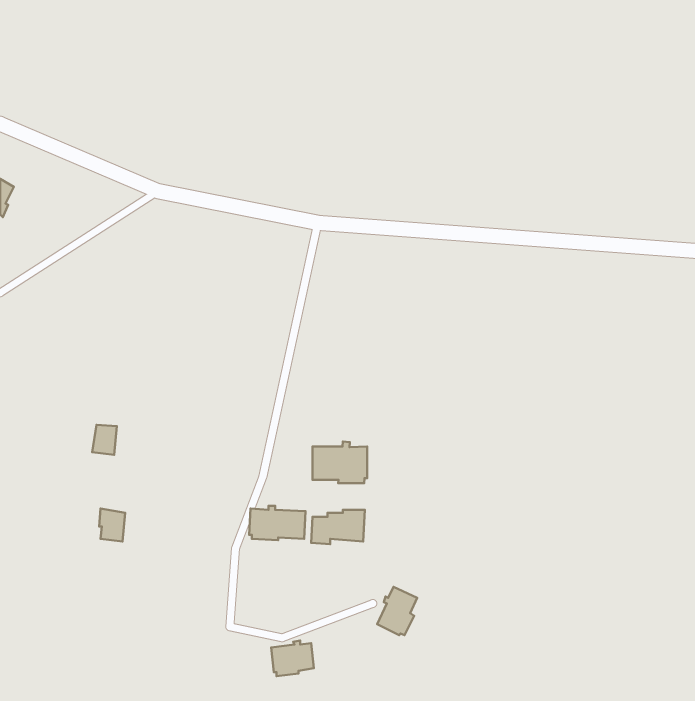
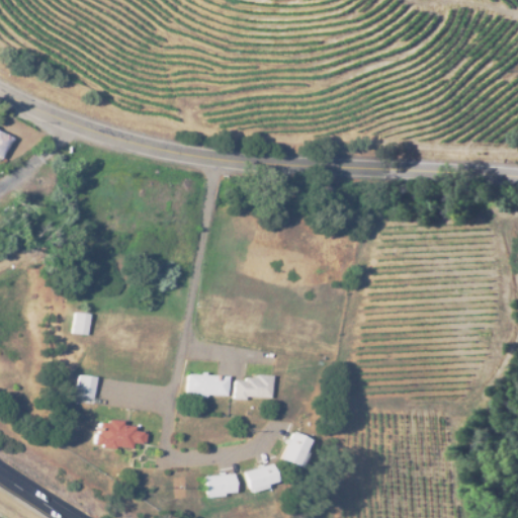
building: [313,442,367,483] -> none
building: none -> [96,420,147,449]
building: none -> [246,463,279,493]

